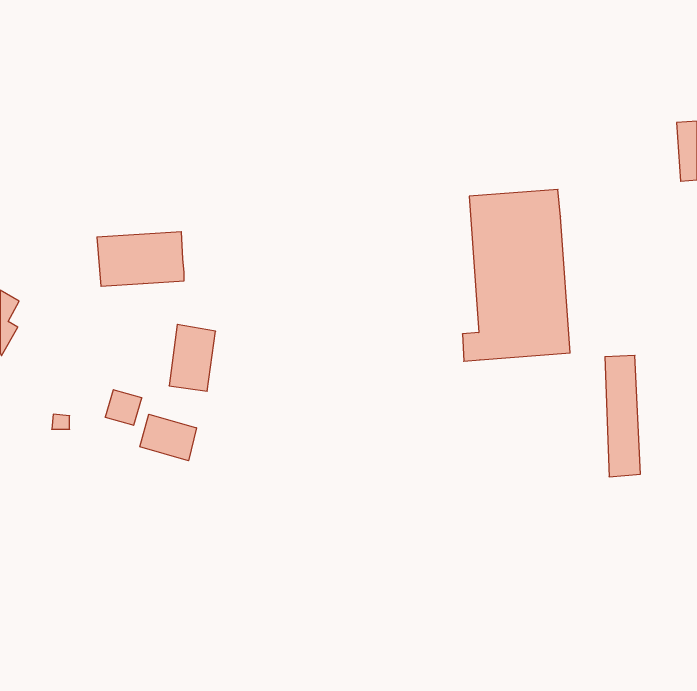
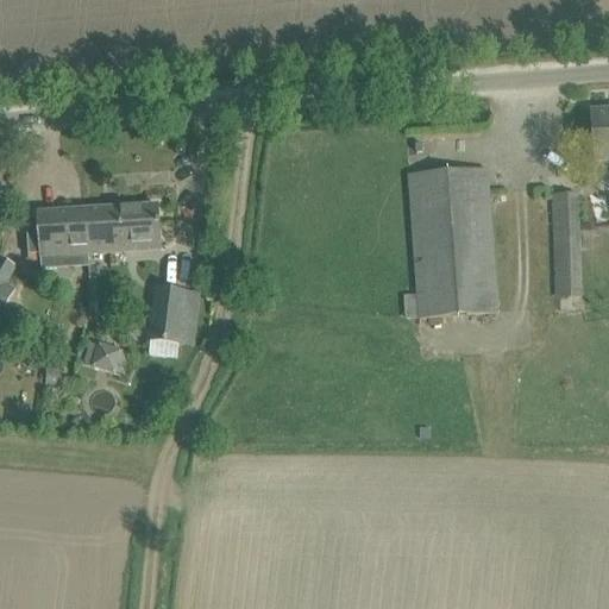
building: none -> [26,207,88,266]
building: [605,355,640,477] -> [551,189,582,295]
building: [140,414,196,461] -> none

